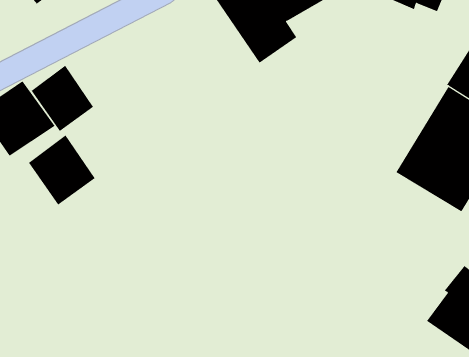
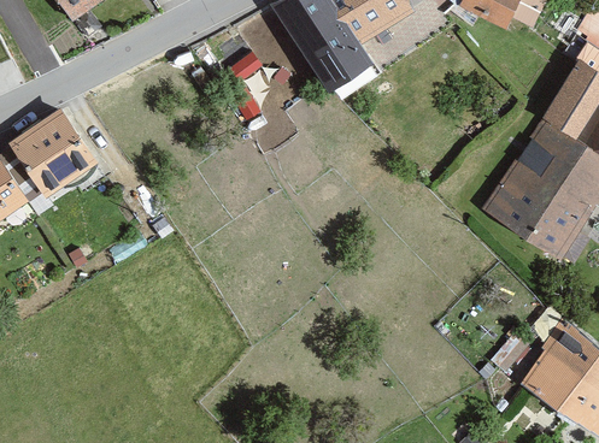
building: [31,65,94,132] -> none
building: [28,135,95,206] -> none

